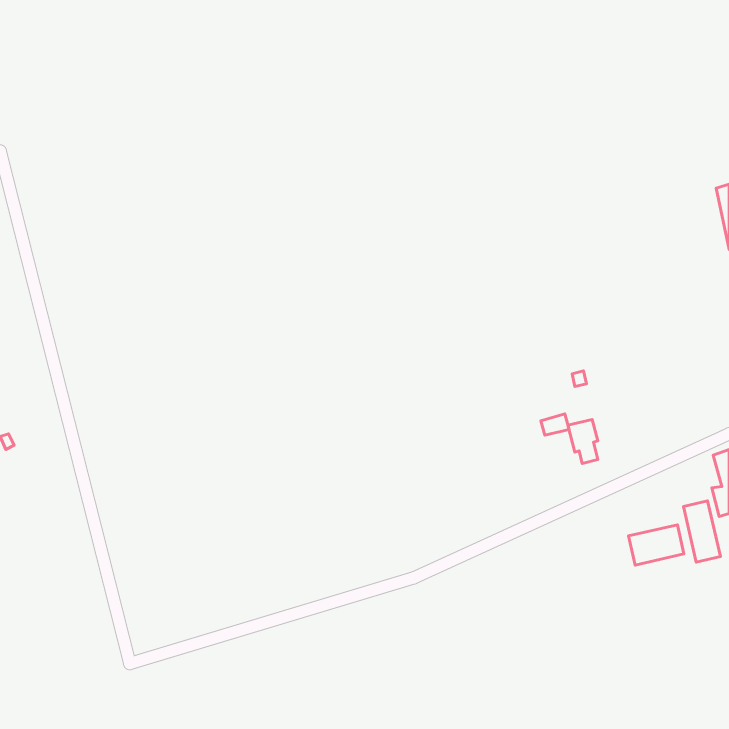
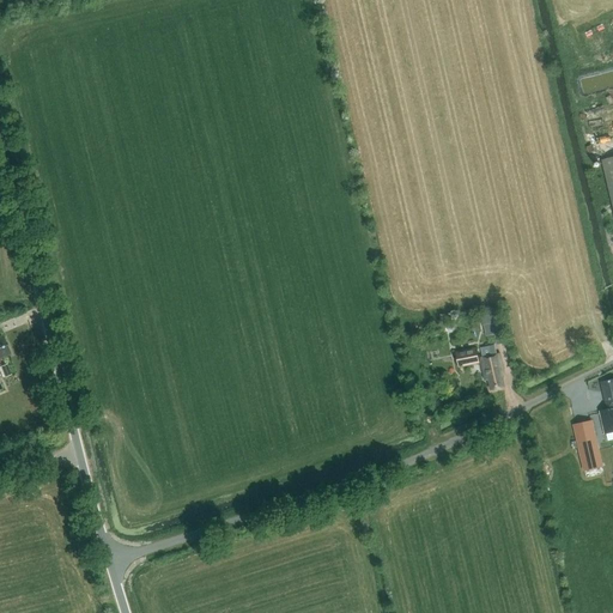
building: [629,525,684,565] -> none

